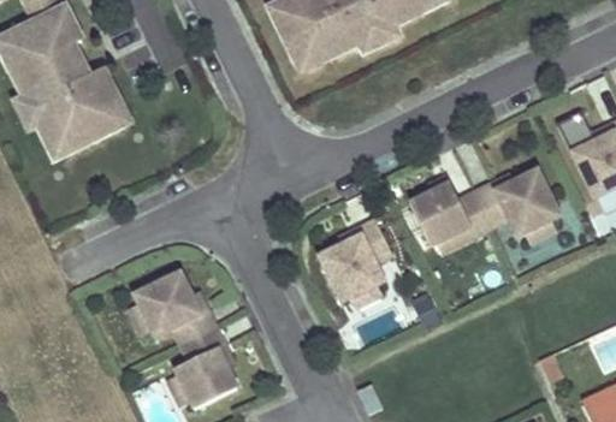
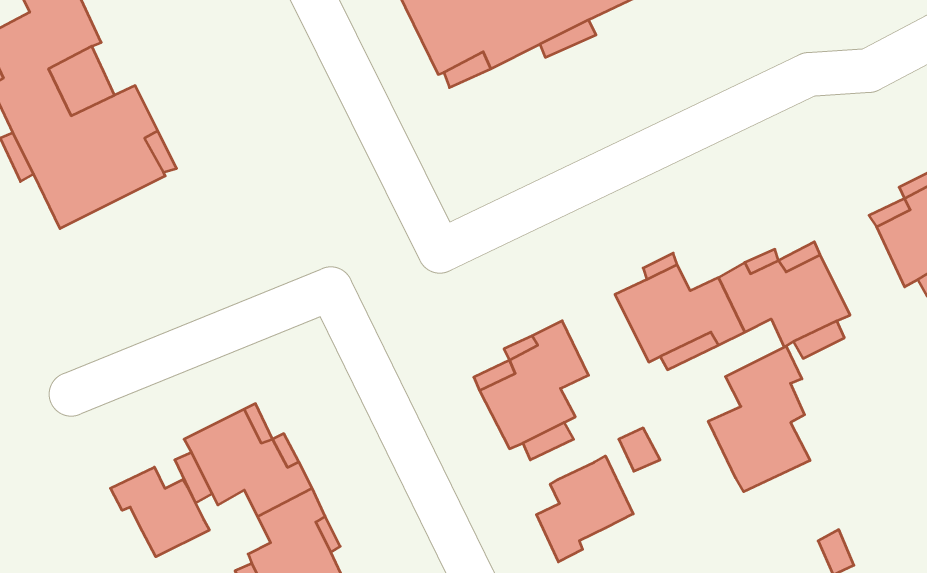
building: none -> [708,346,810,492]
building: none -> [536,456,633,562]
building: none -> [110,467,209,557]

